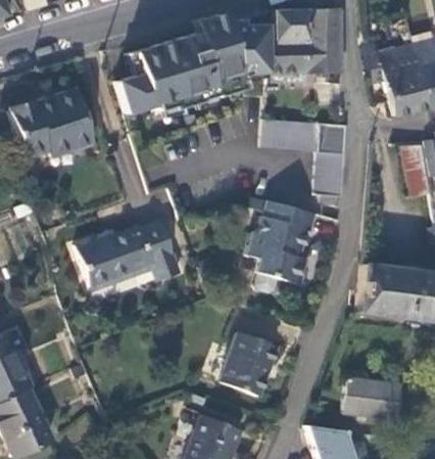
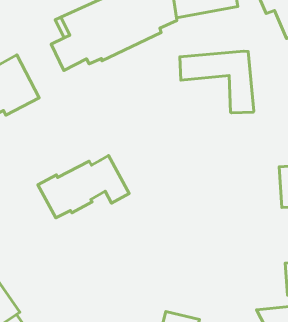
building: [243,197,315,283] -> none
building: [223,328,279,394] -> none

